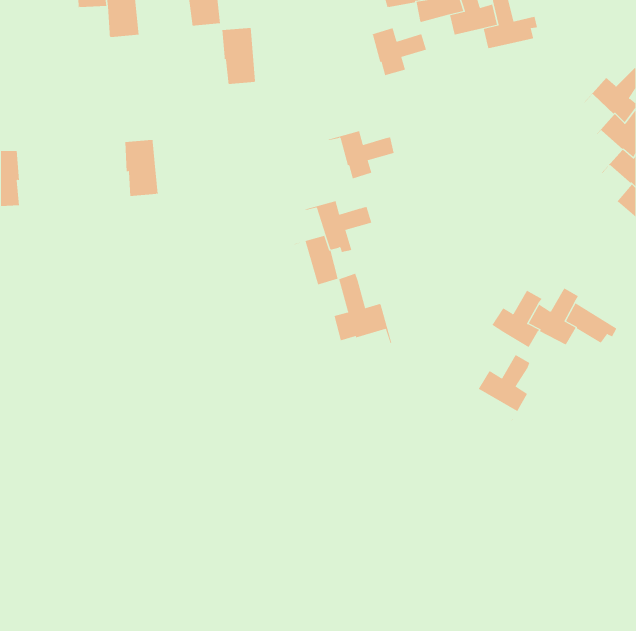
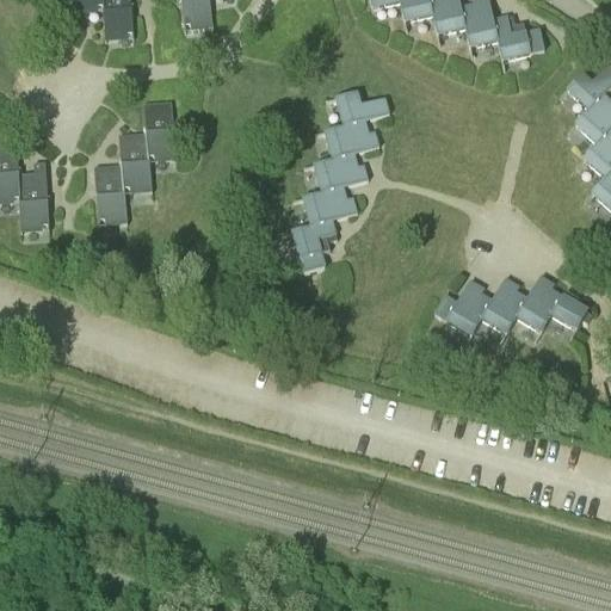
building: [222,27,256,90] -> [143,101,177,161]
building: [361,27,427,76] -> [326,92,389,138]
building: none -> [496,30,544,72]
building: none -> [303,159,368,205]
building: none -> [17,162,49,233]
building: none -> [94,165,128,224]
building: [334,273,392,344] -> none
building: [478,354,530,423] -> [434,280,485,346]

